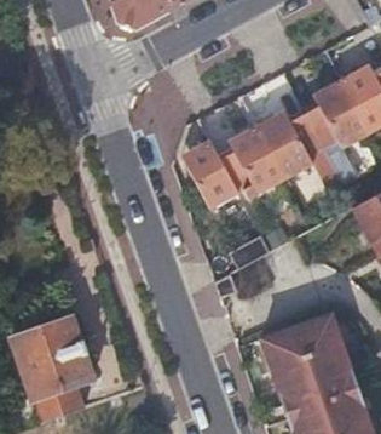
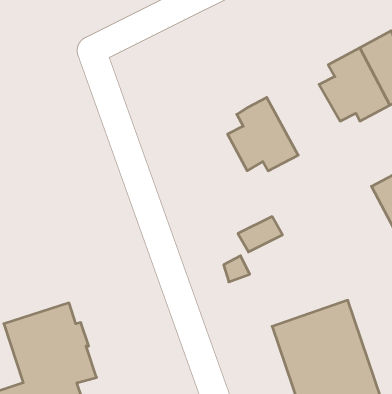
building: [255,110,323,178] -> none
building: [180,139,237,209] -> none

